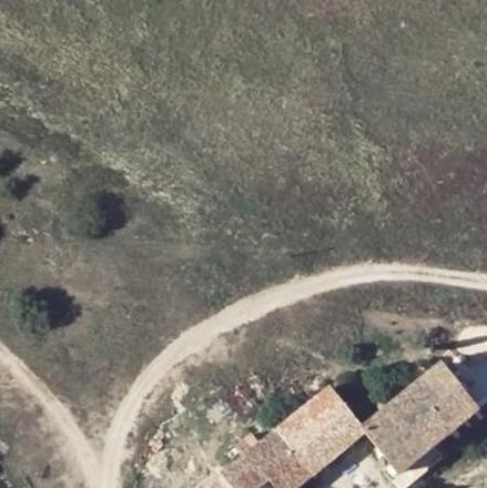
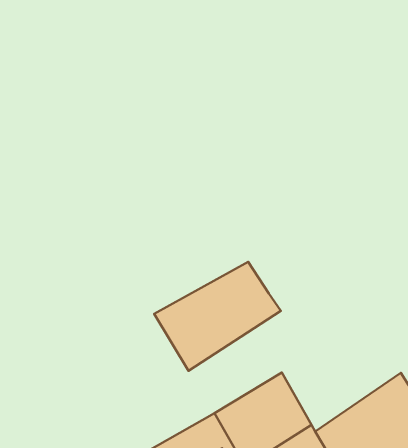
building: none -> [154,262,281,371]

